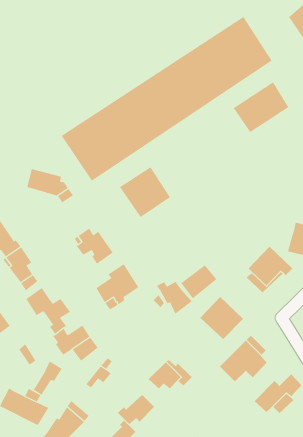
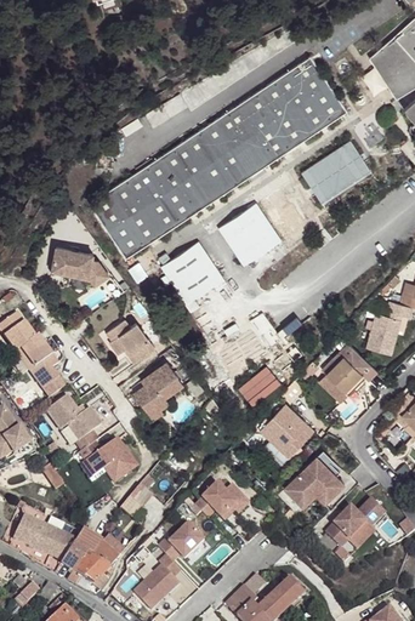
building: none -> [218,205,282,268]
building: [156,281,192,314] -> none
building: [33,361,62,395] -> [59,528,96,570]

